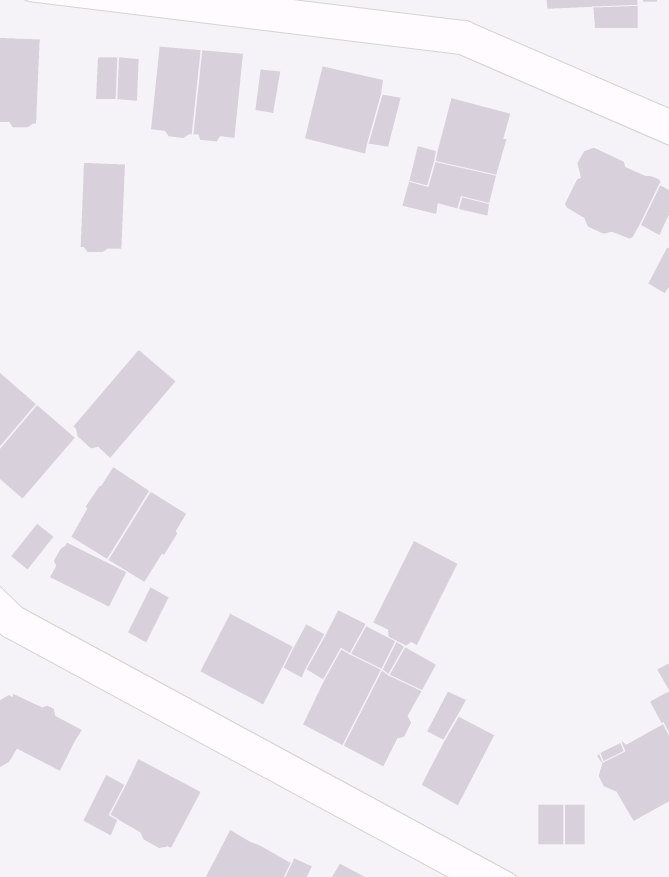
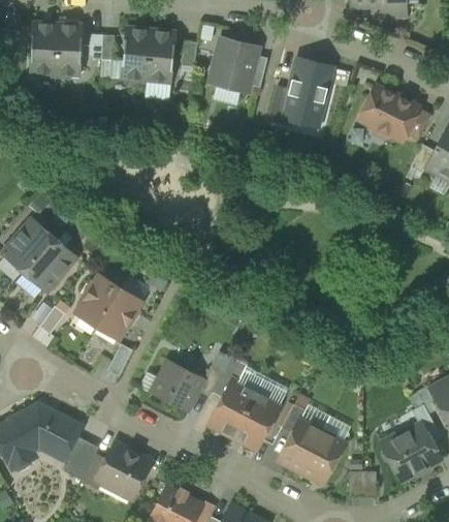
building: [80,162,126,253] -> [55,24,82,76]
building: [72,349,177,459] -> none
building: [373,540,458,646] -> none
building: [49,542,127,608] -> none
building: none -> [300,430,344,483]
building: none -> [63,435,98,480]

